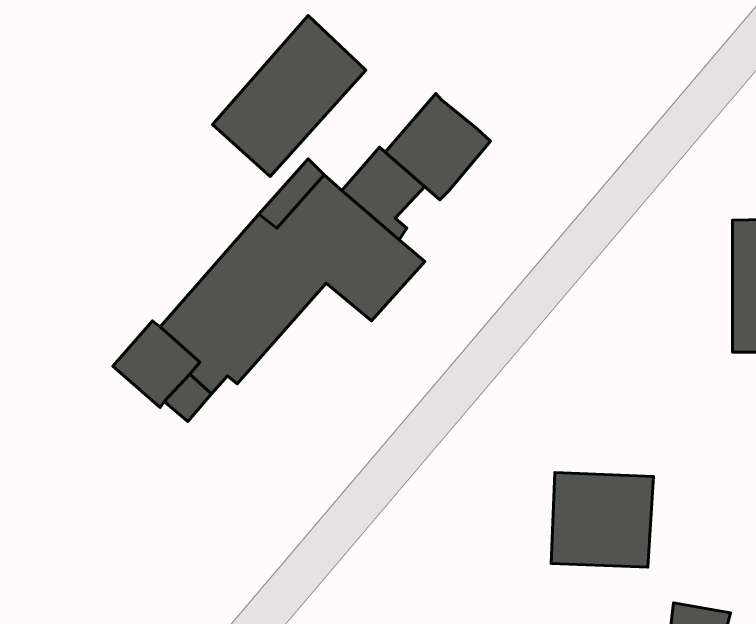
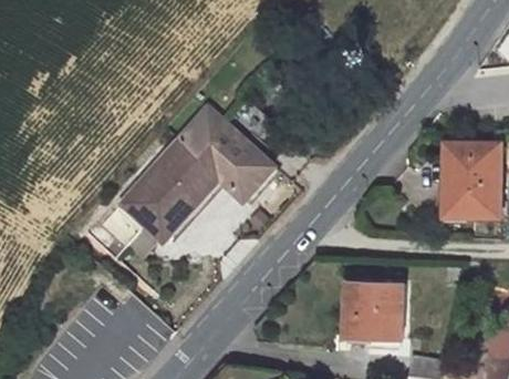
building: [212,16,366,176] -> none
building: [385,94,491,200] -> none

